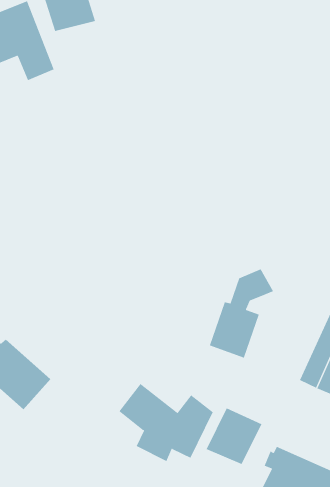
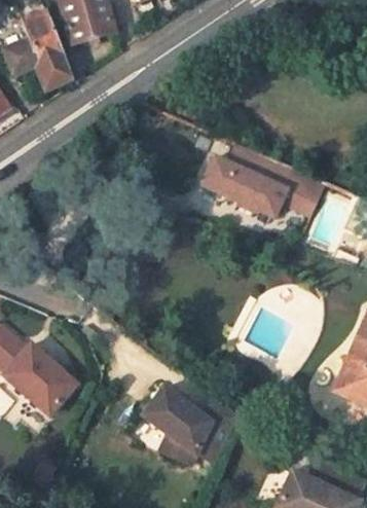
building: none -> [204,145,327,218]
building: [209,269,274,358] -> none
building: [206,407,262,465] -> none

